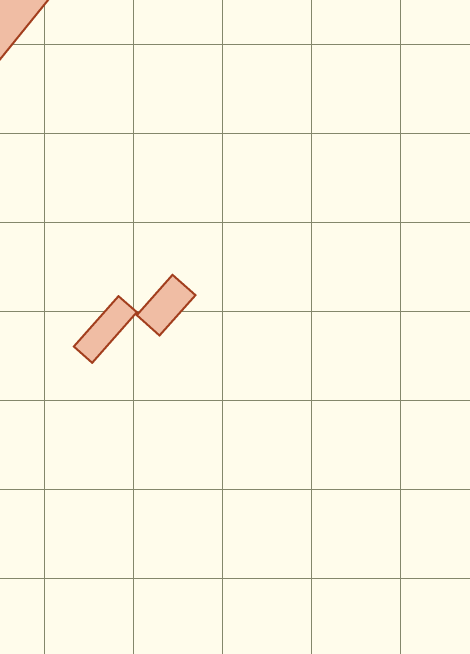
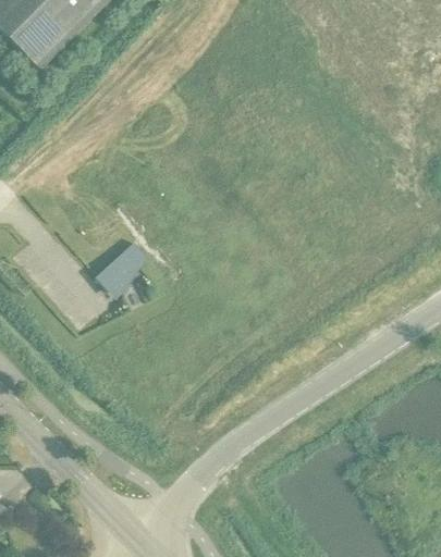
building: [137,275,195,336] -> none

